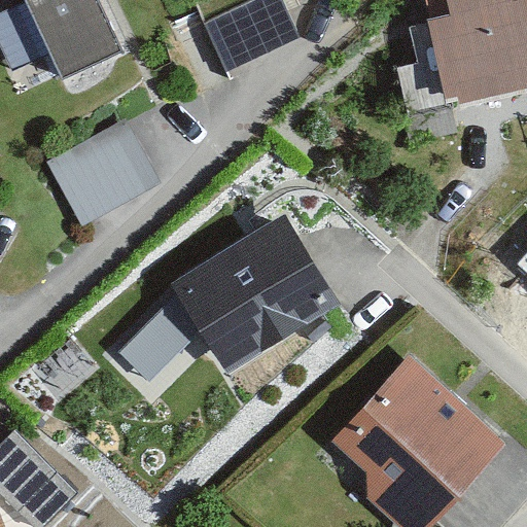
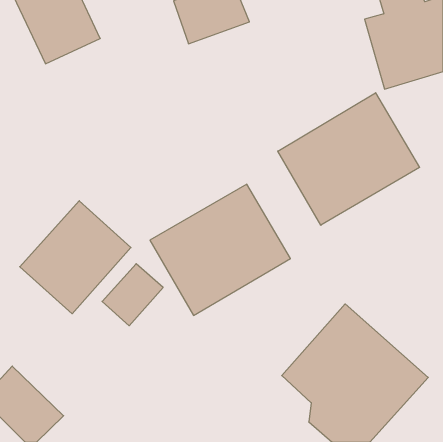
building: none -> [278,93,420,225]
building: [42,118,159,227] -> none
building: none -> [20,201,131,314]

